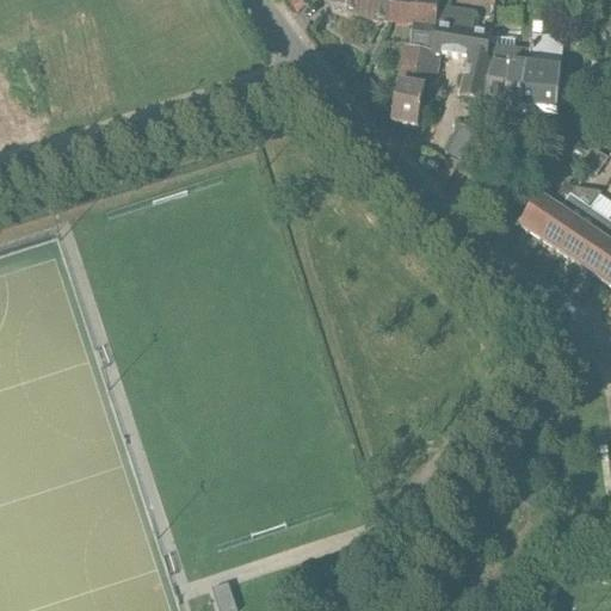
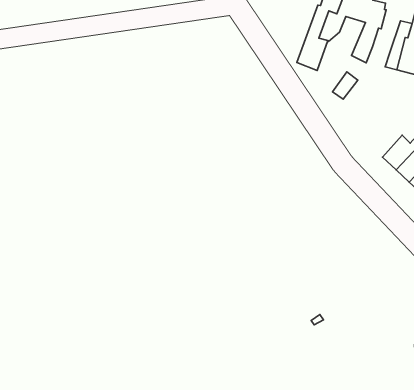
building: [488,35,516,90] -> none

